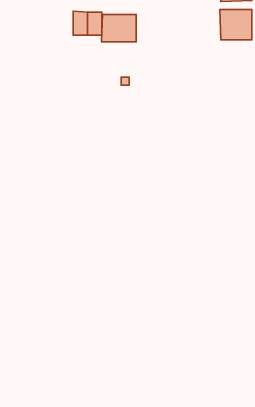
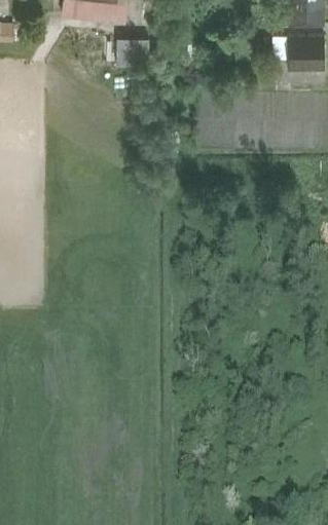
building: [101,14,136,42] -> none

